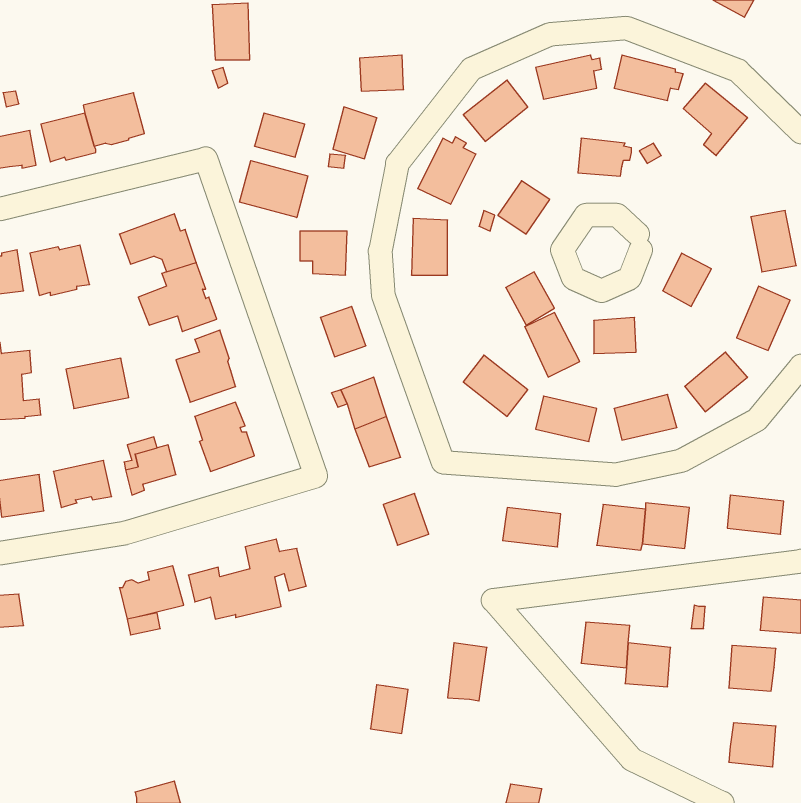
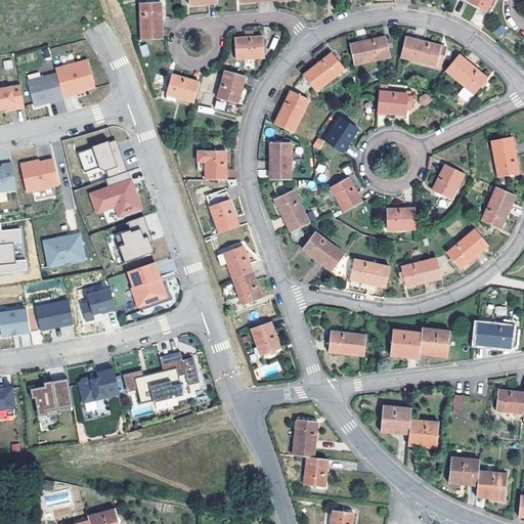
building: [240,161,308,218] -> none
building: [525,313,580,377] -> [273,190,309,232]
building: none -> [30,379,73,417]
building: [729,645,776,691] -> [448,456,479,486]
building: [370,685,408,733] -> [302,455,326,487]

